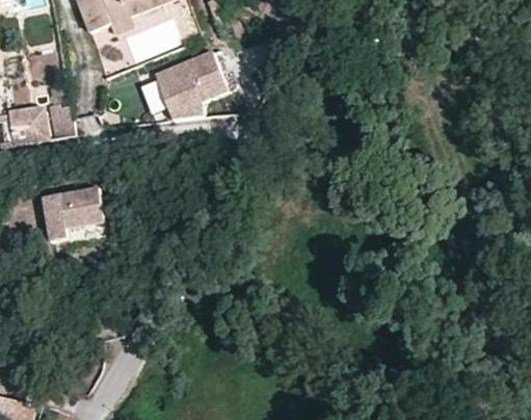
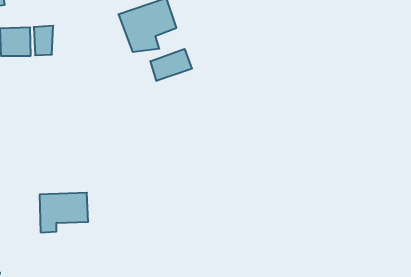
building: none -> [150,49,192,81]
building: [39,192,101,245] -> [40,193,88,232]

